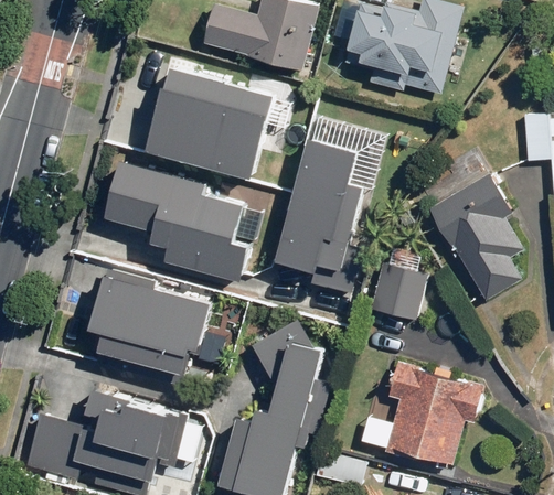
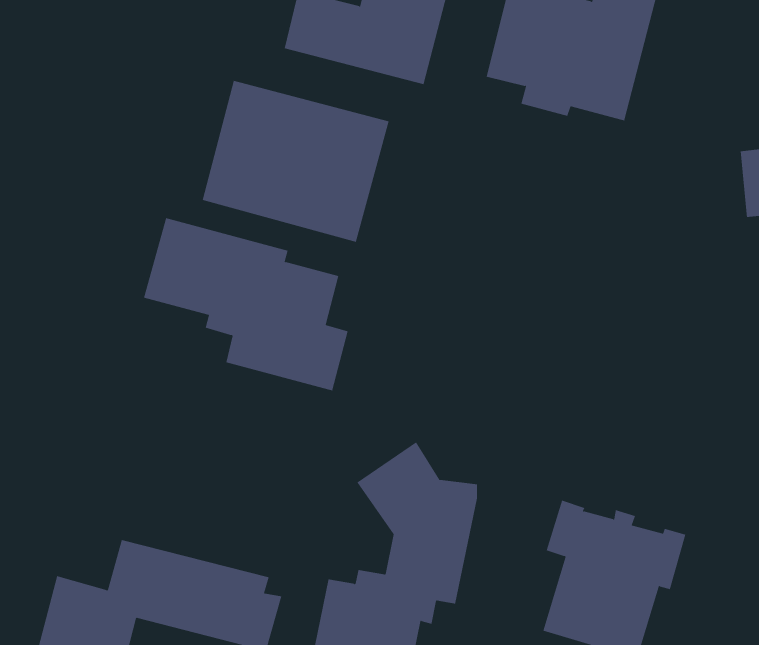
building: [276,136,366,292] -> none
building: [427,172,522,302] -> none
building: [370,263,425,319] -> none
building: [87,271,214,377] -> none

